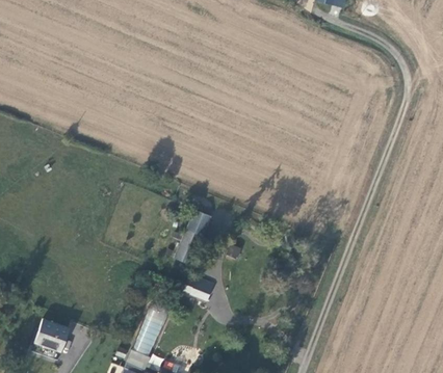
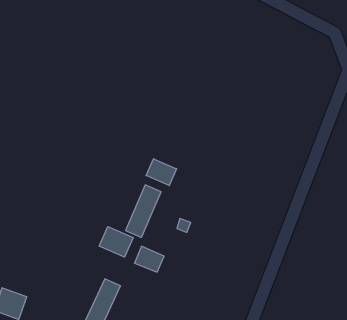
building: none -> [146,159,177,186]
building: none -> [99,227,133,257]

